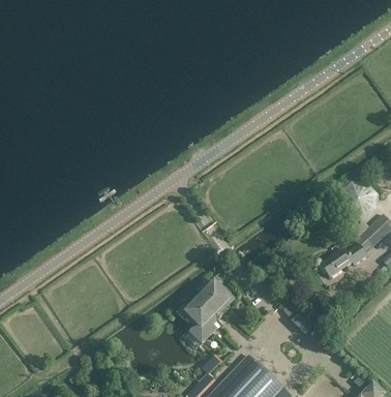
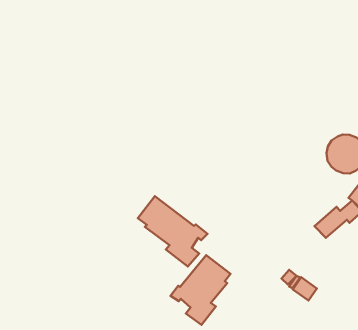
building: none -> [138,196,207,266]

